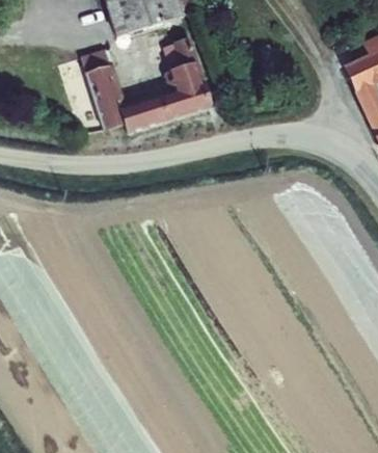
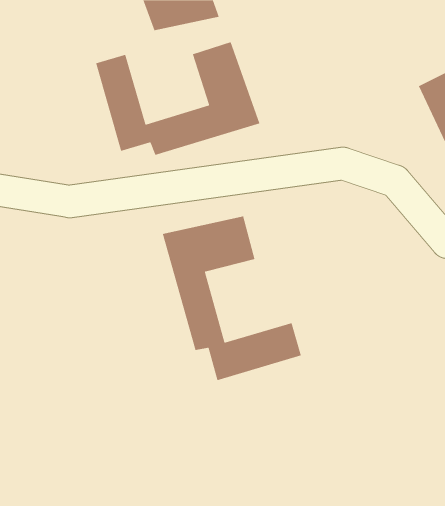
building: none -> [162,215,302,381]

